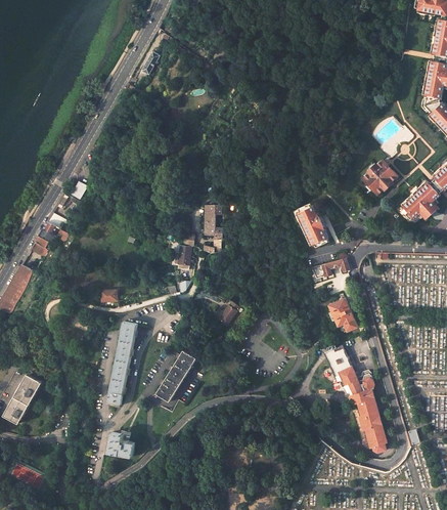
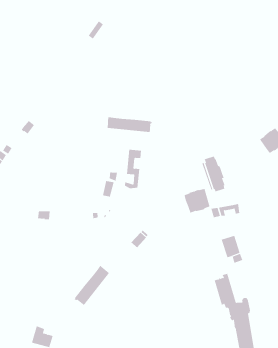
building: none -> [107,116,152,133]
building: none -> [184,188,210,213]
building: [103,321,138,406] -> none

